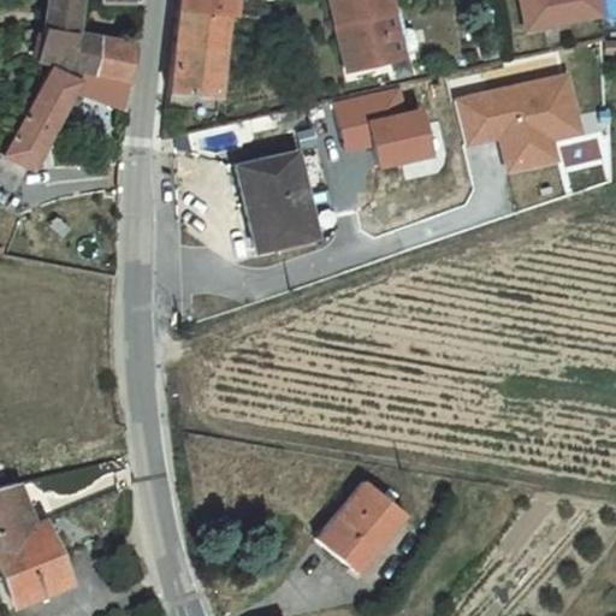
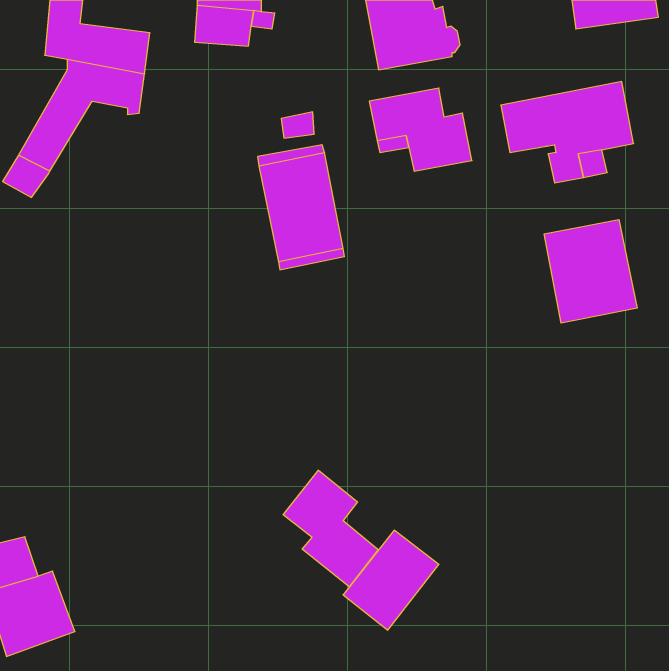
building: [172,40,227,102] -> none
building: none -> [544,220,637,323]
building: none -> [283,470,378,587]

